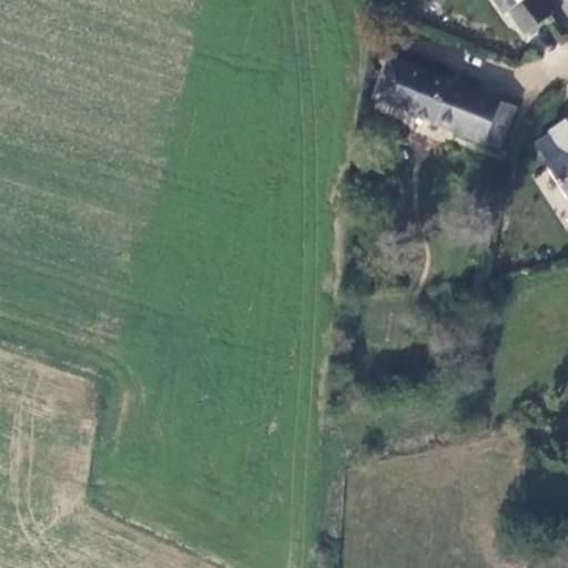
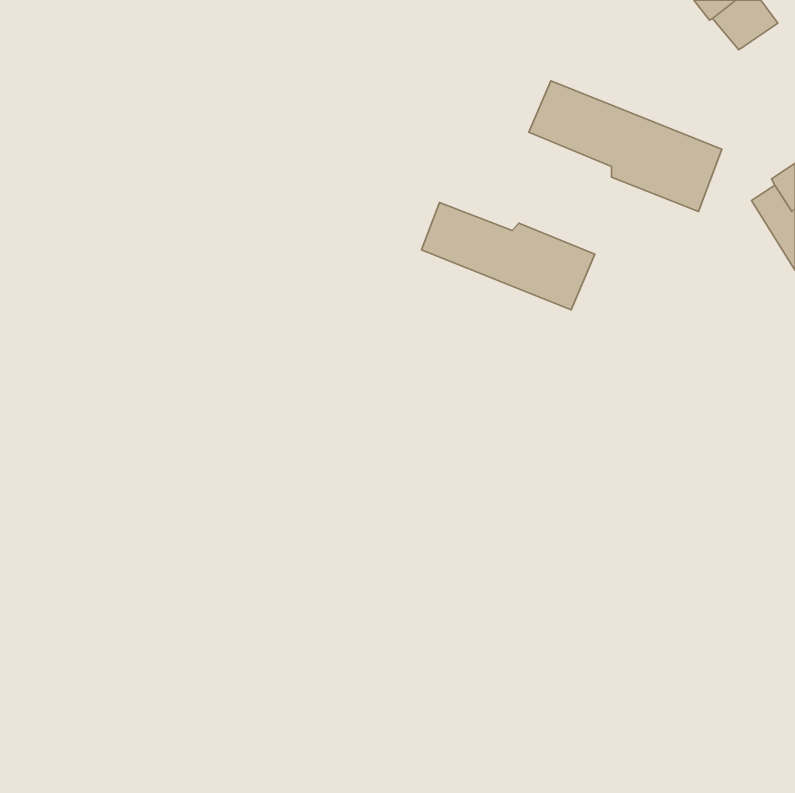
building: none -> [421,202,595,310]

